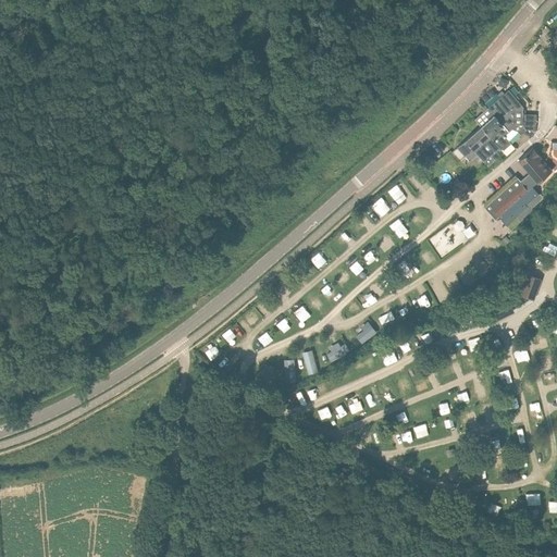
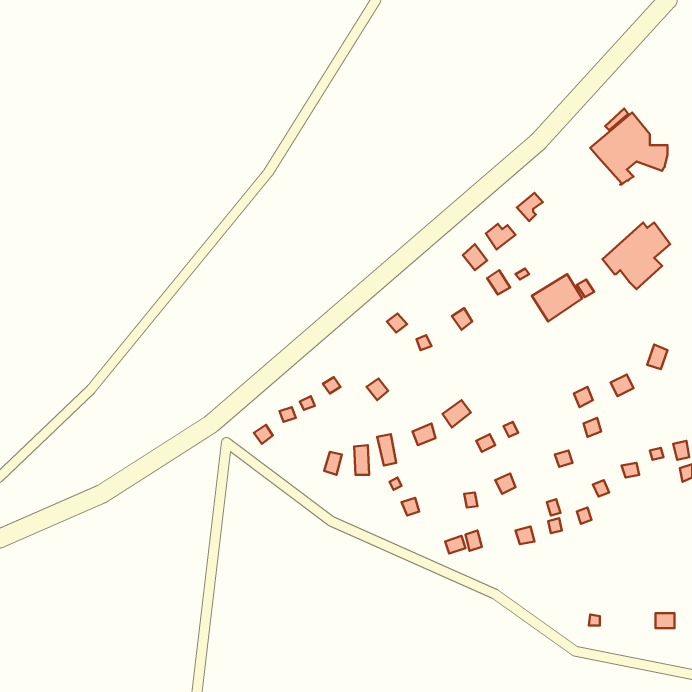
building: [456,127,498,168] -> none
building: [517,149,550,184] -> none

